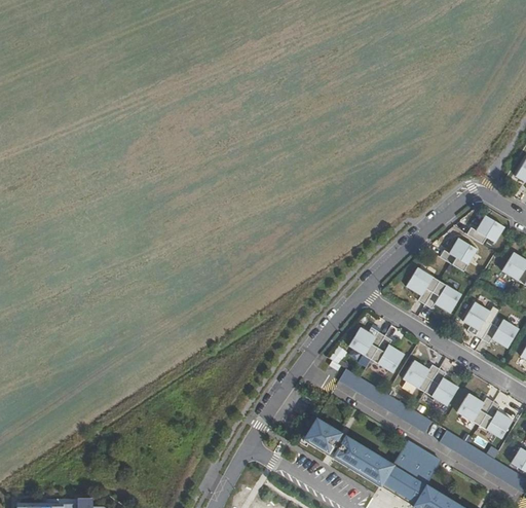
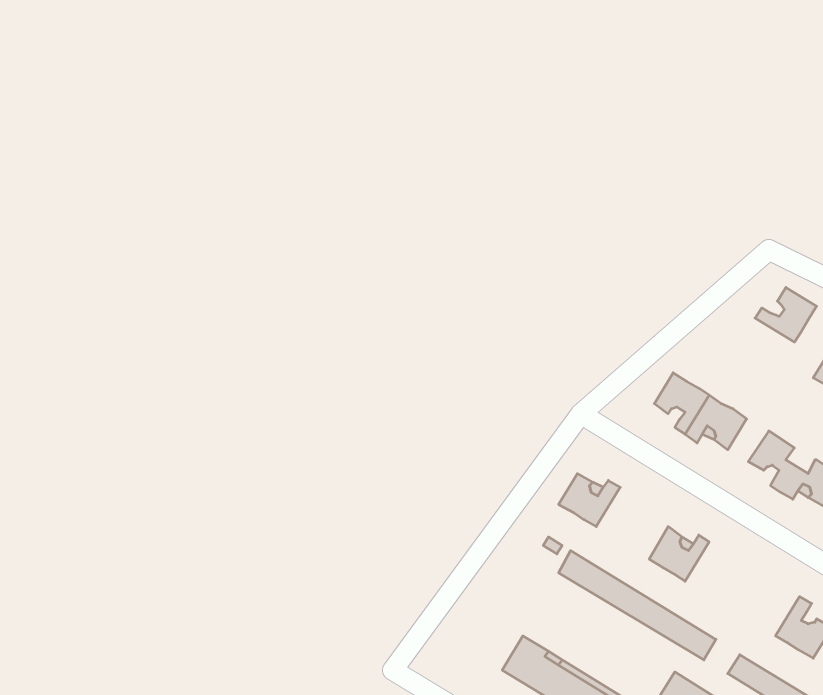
building: [439,238,476,270] -> none
building: [370,335,403,372] -> none
building: [423,368,457,405] -> none
building: [456,393,492,425] -> none

